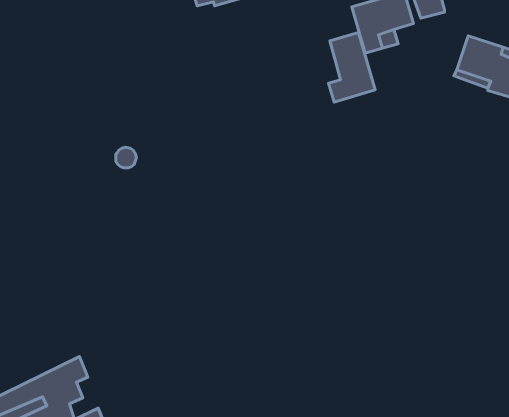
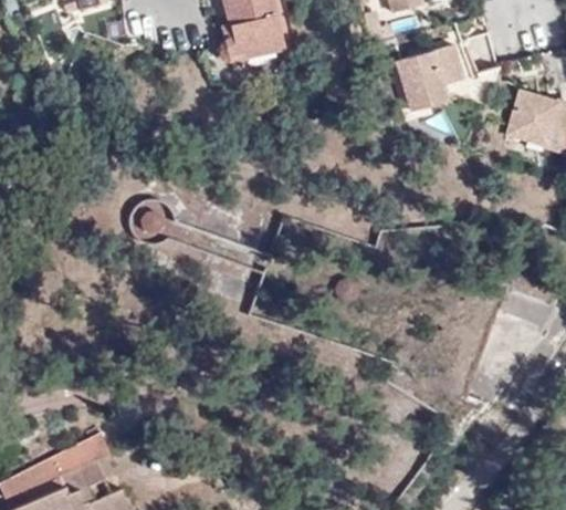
building: [328,32,375,102] -> none

